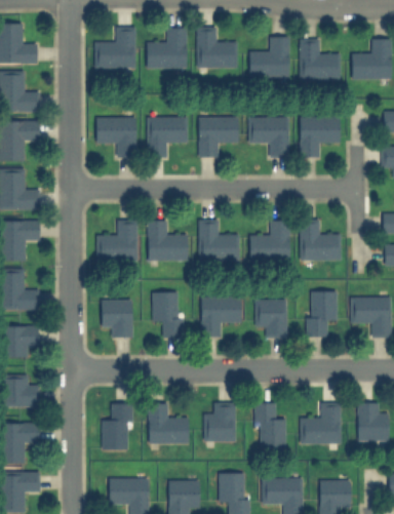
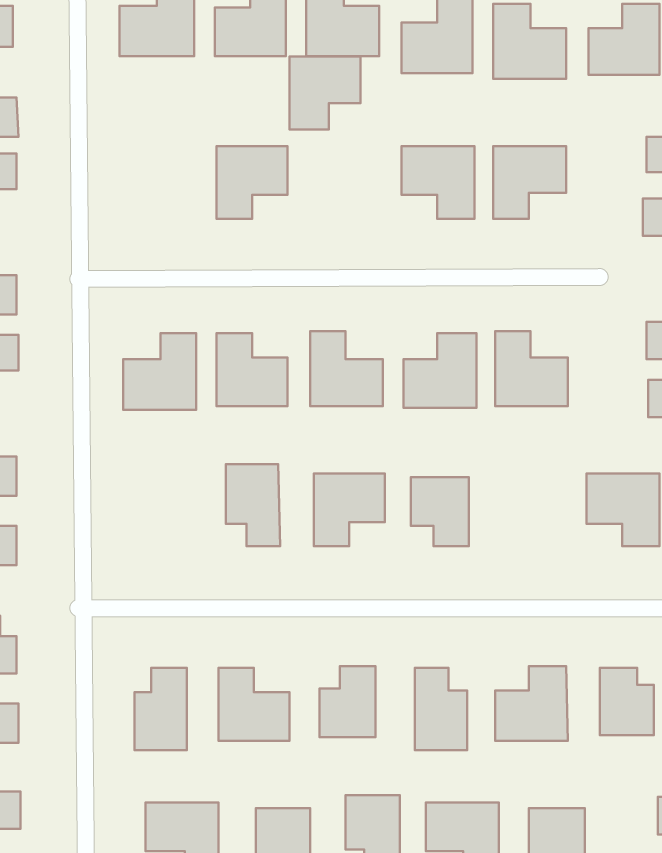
building: [96,118,136,157] -> none
building: [199,118,238,158] -> [290,57,361,129]
building: [308,292,337,338] -> none
building: [103,301,131,338] -> none

